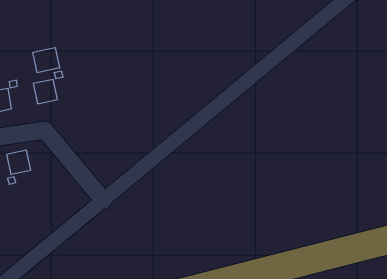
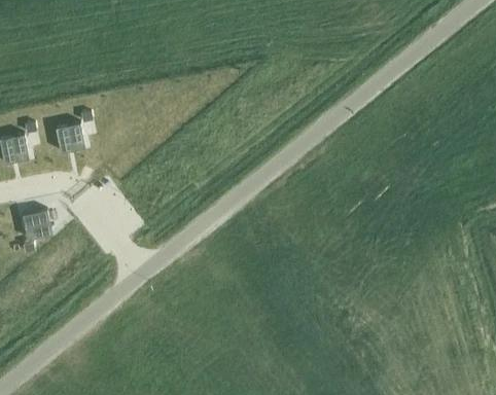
building: [33,48,60,73] -> none

